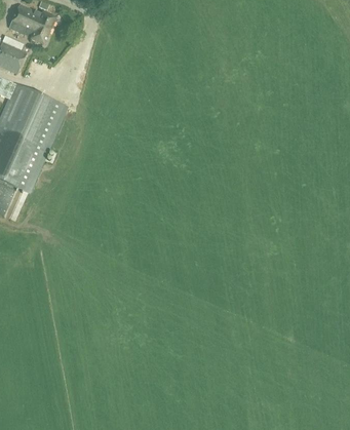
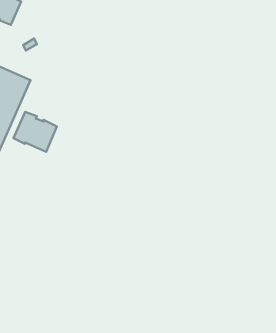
building: none -> [14,112,57,152]

